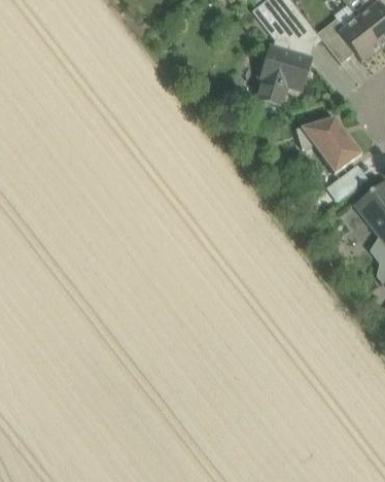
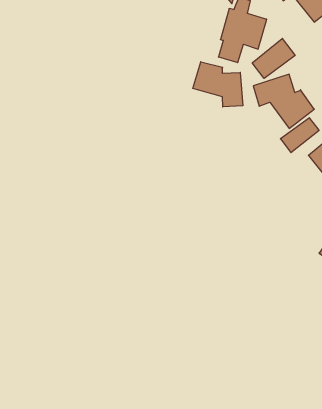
building: none -> [252,38,295,78]
building: none -> [193,62,243,107]

